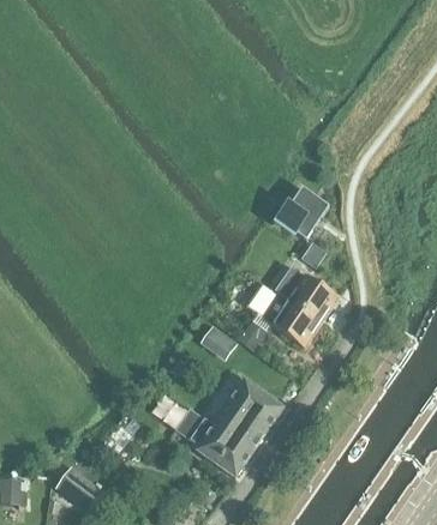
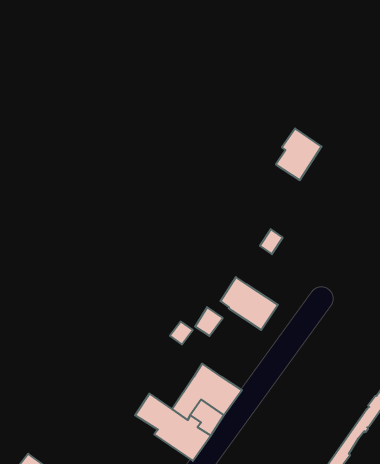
building: [282,187,328,239] -> [276,128,322,180]
building: [289,273,337,319] -> none

